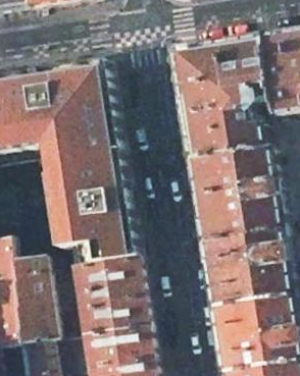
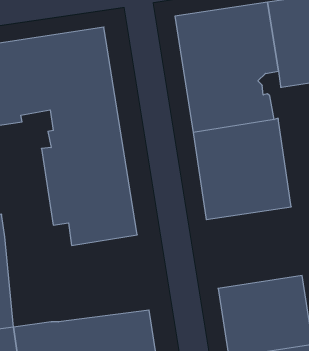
building: [200,230,291,308] -> none
building: [9,253,53,344] -> none
building: [51,257,146,339] -> none

